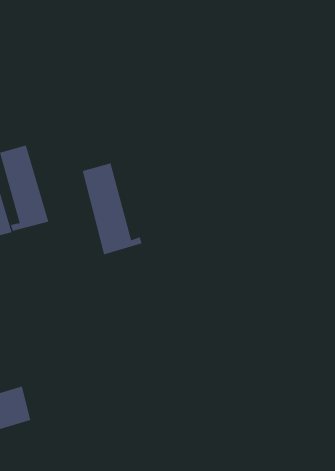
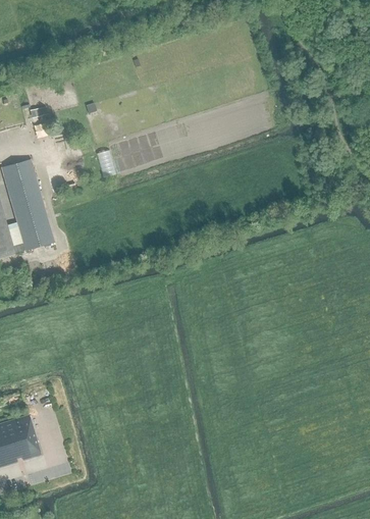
building: [82,163,142,255] -> none

